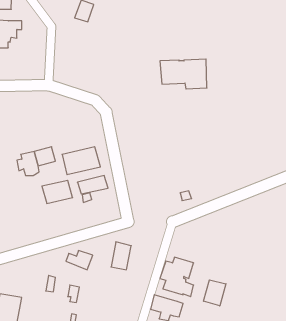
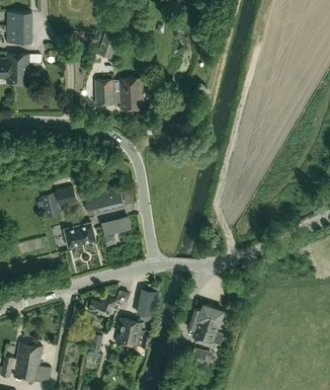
building: [160,59,207,89] -> [93,79,143,110]
building: none -> [115,319,151,348]
building: [204,280,226,306] -> none

